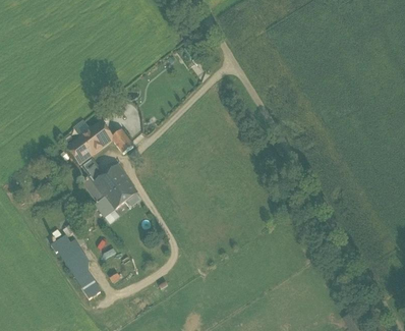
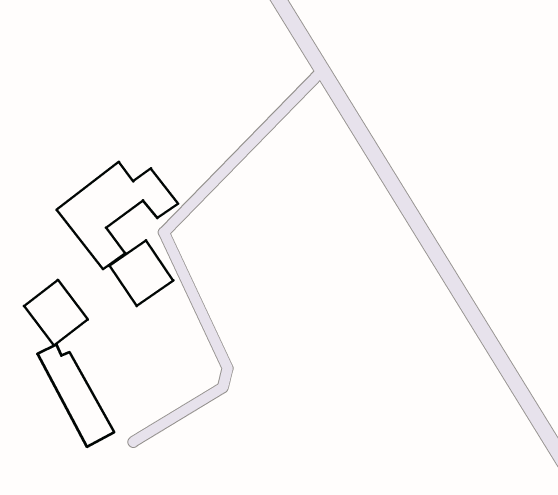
building: none -> [24,280,88,346]

